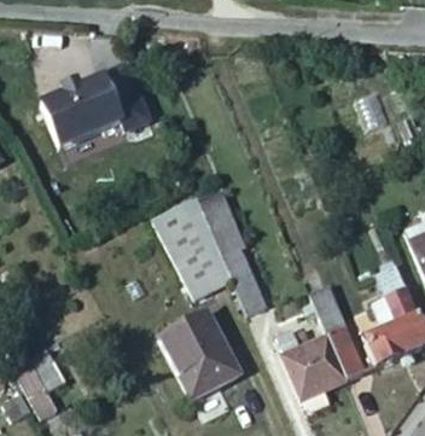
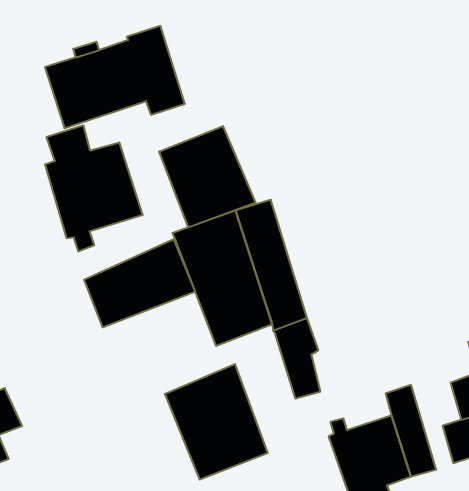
building: none -> [159,126,255,227]
building: none -> [45,125,143,252]
building: none -> [84,239,195,327]

